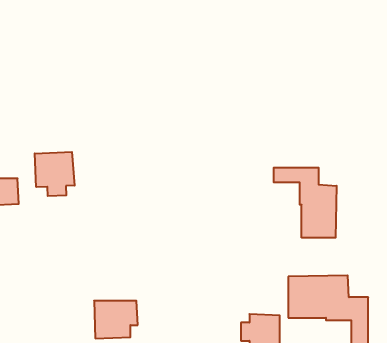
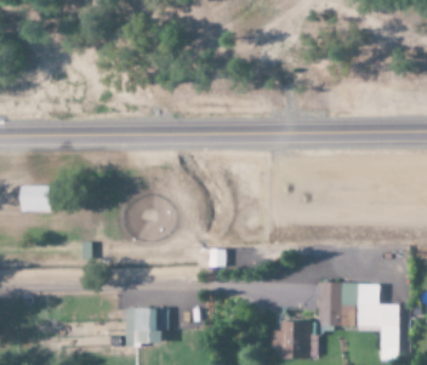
building: [35,152,75,196] -> none
building: [274,168,337,238] -> none

